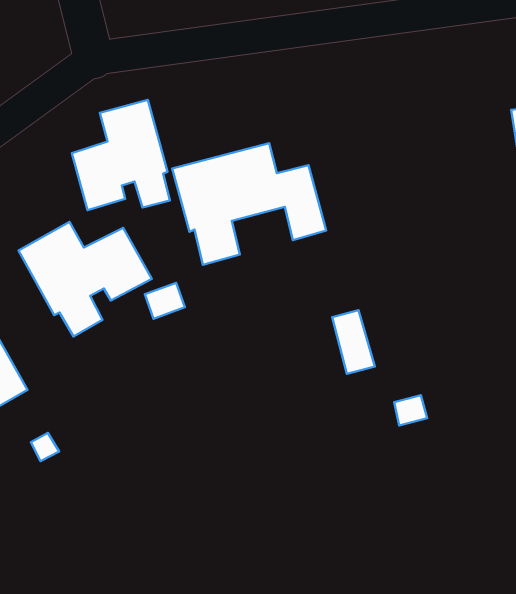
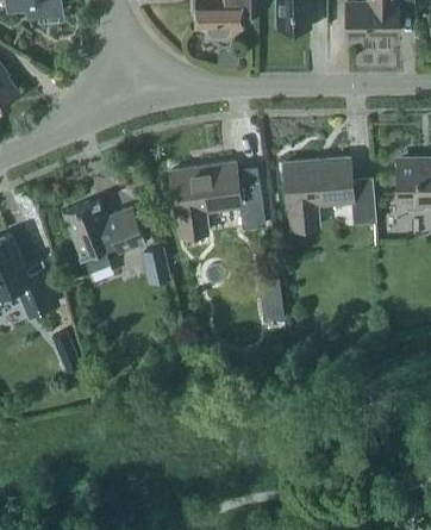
building: [72,100,170,210] -> none
building: none -> [283,158,375,229]

